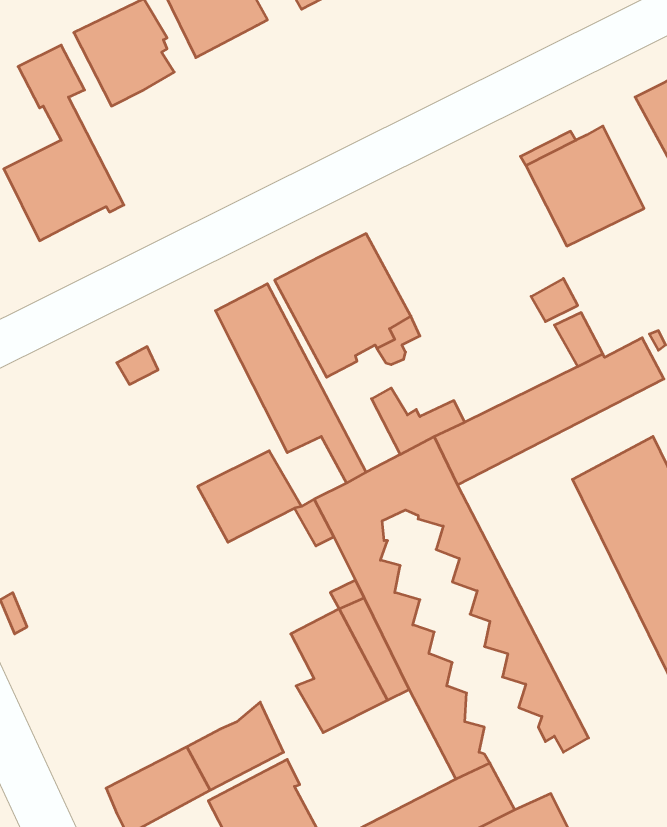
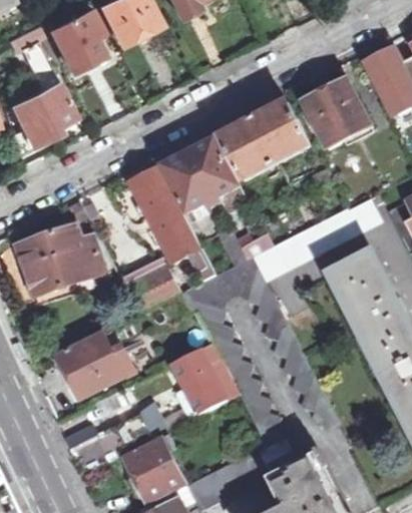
building: none -> [220,102,309,179]
building: none -> [18,227,98,298]
building: none -> [57,335,133,401]

